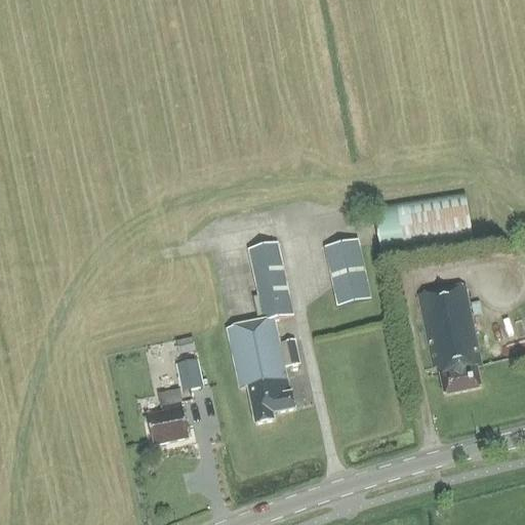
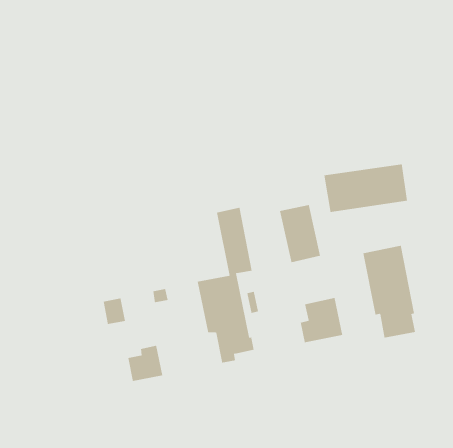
building: none -> [300,297,343,343]
building: [176,358,203,389] -> [103,298,126,325]

